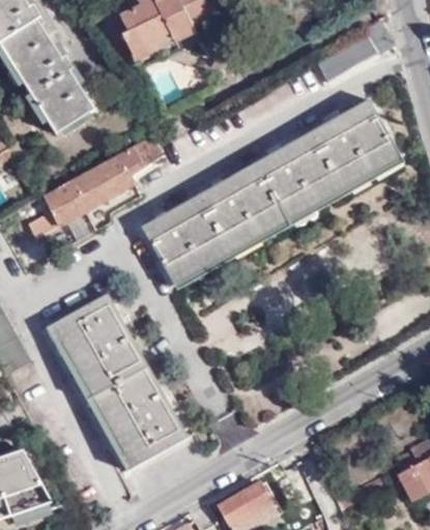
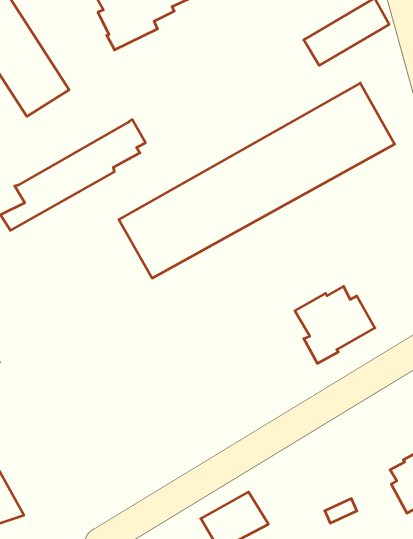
building: none -> [295,286,375,363]
building: [46,295,185,471] -> none

